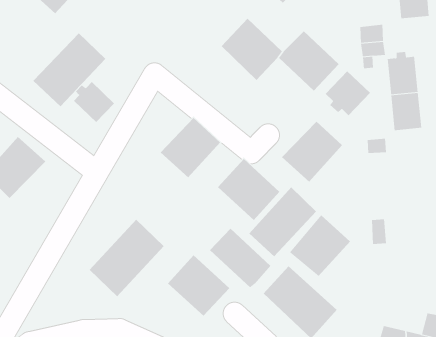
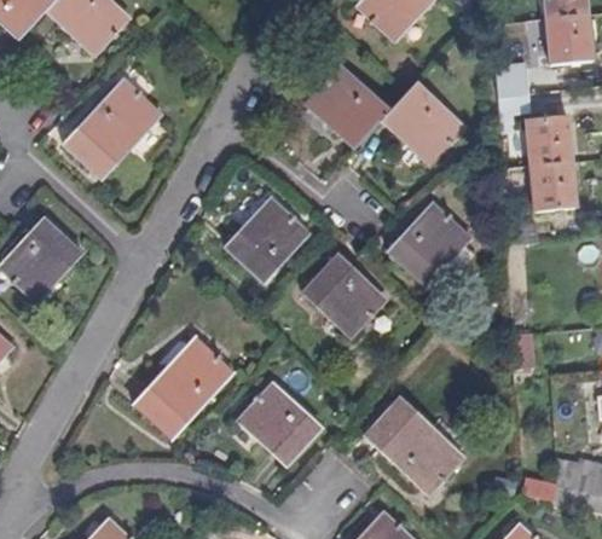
building: [325,70,371,116] -> none
building: [73,81,115,123] -> none
building: [248,187,317,257] -> none
building: [289,214,351,277] -> none
building: [209,228,271,288] -> none

